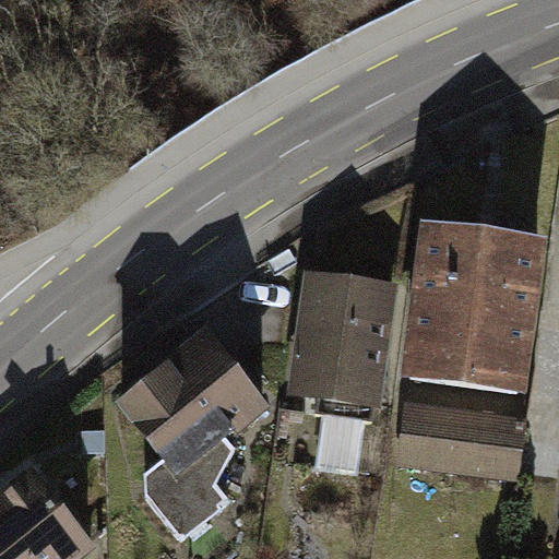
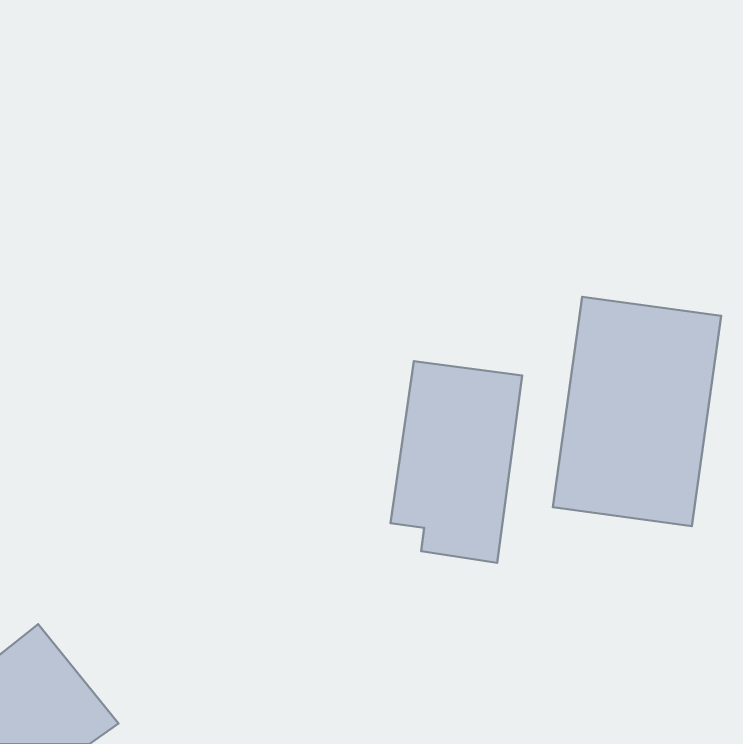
building: [119,332,262,539] -> none
building: [401,406,530,477] -> none

